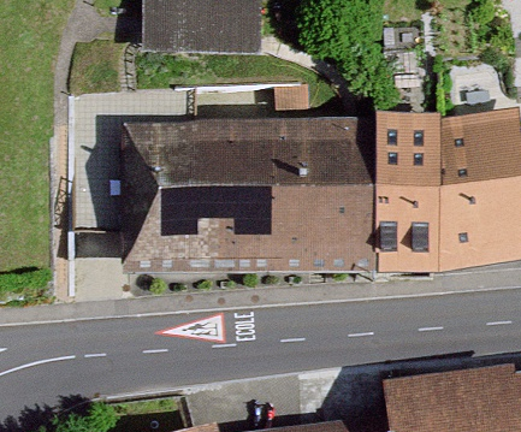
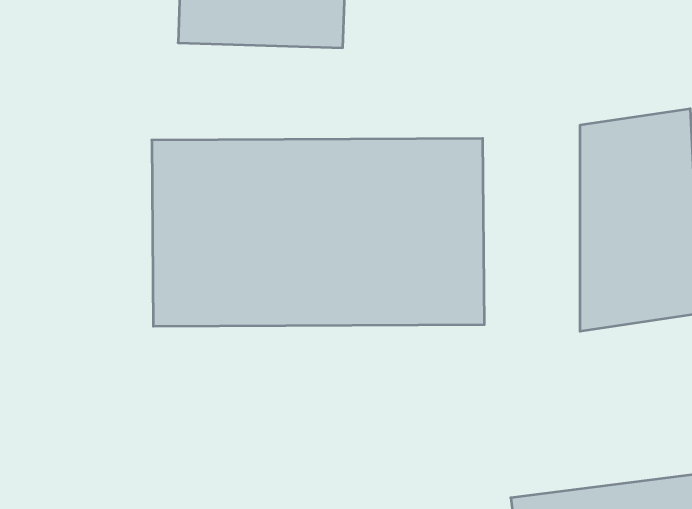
building: [378,113,437,268] -> none

